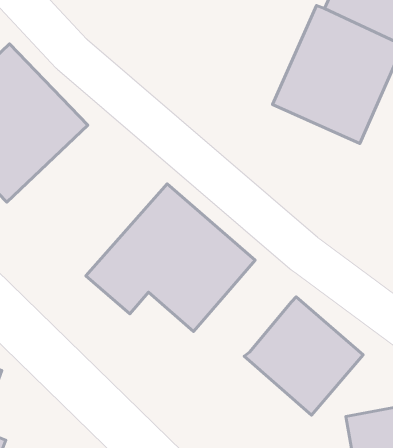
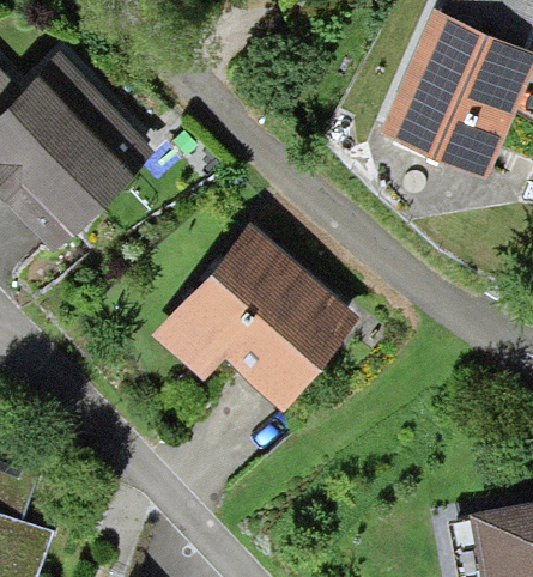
building: [244,297,363,415] -> none

